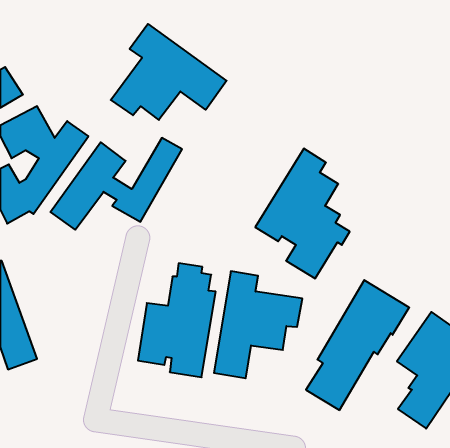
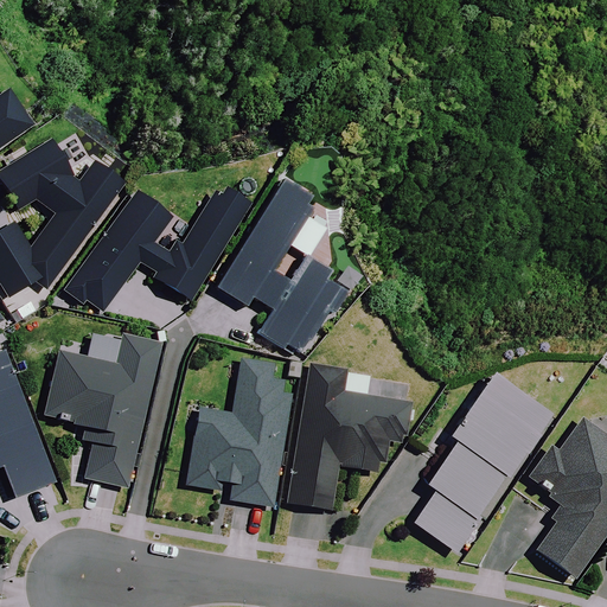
building: [111,24,227,120] -> none
building: [255,149,350,278] -> [217,180,344,354]
building: none -> [46,331,164,486]

